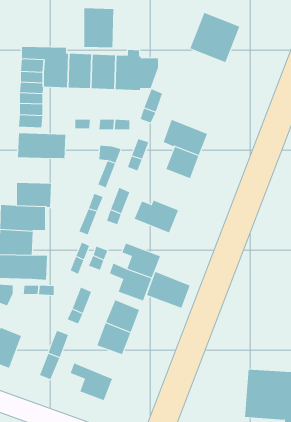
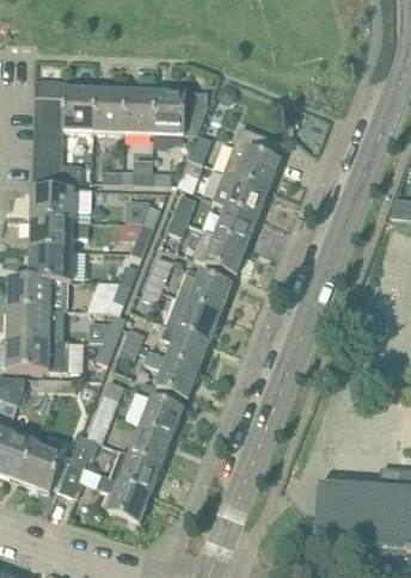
building: [84,8,114,48] -> none
building: [190,12,240,63] -> [222,125,286,189]
building: none -> [29,219,87,251]
building: none -> [194,229,246,273]
building: [146,271,190,309] -> [165,295,220,342]
building: none -> [20,441,65,492]
building: none -> [109,450,161,494]

